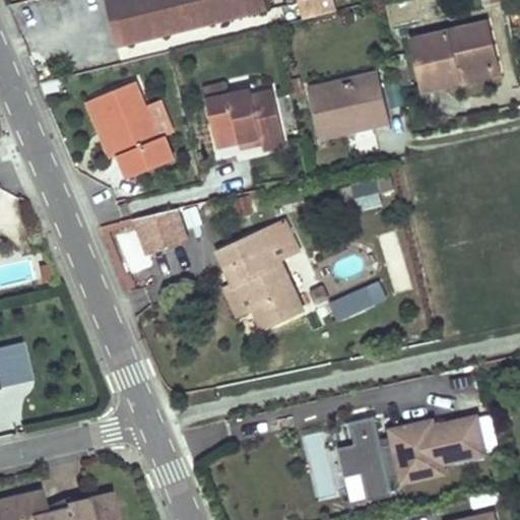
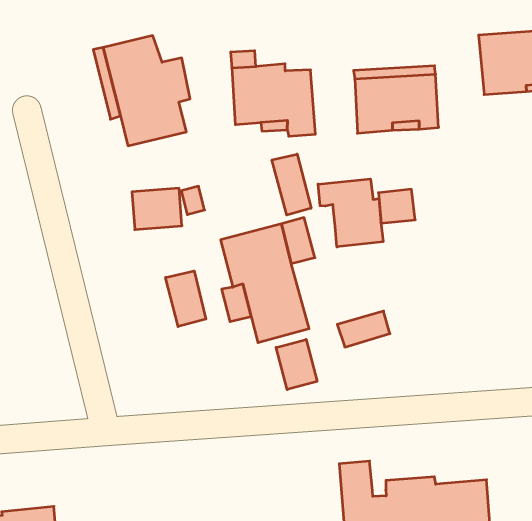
building: none -> [272,154,311,215]
building: none -> [318,179,383,247]
building: none -> [166,271,206,327]
building: none -> [276,339,317,390]

